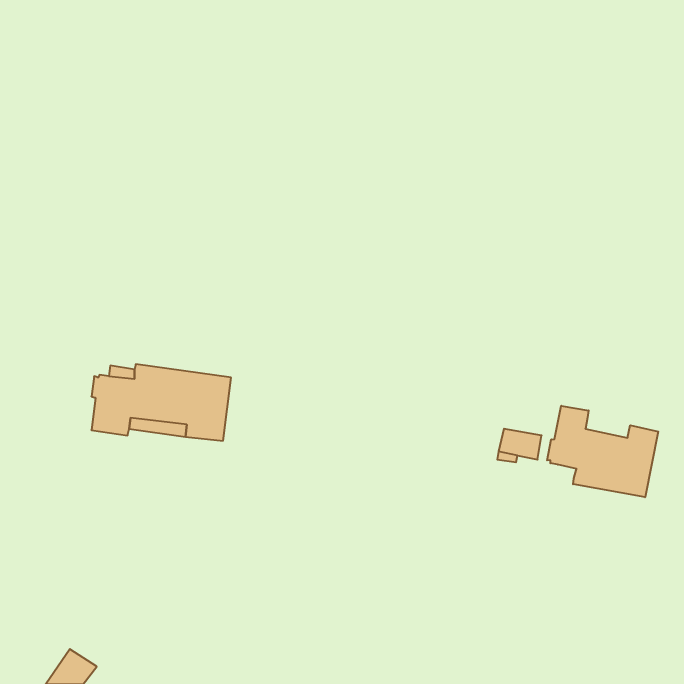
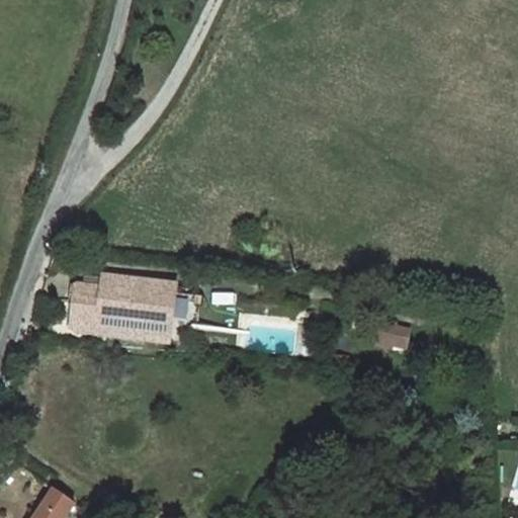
building: [547,406,658,497] -> none

